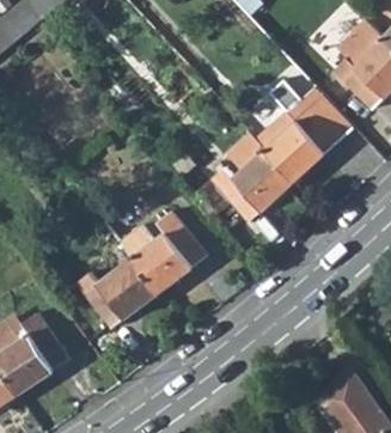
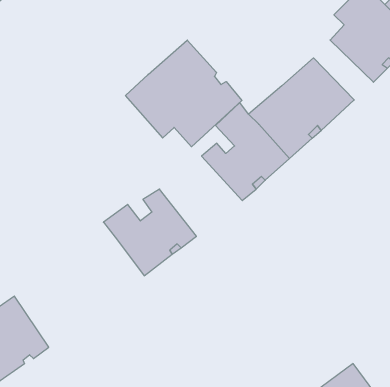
building: none -> [126,40,242,147]
building: [75,260,157,329] -> none

